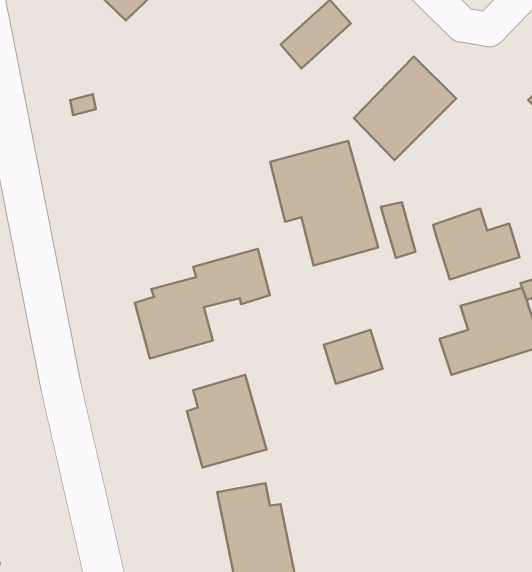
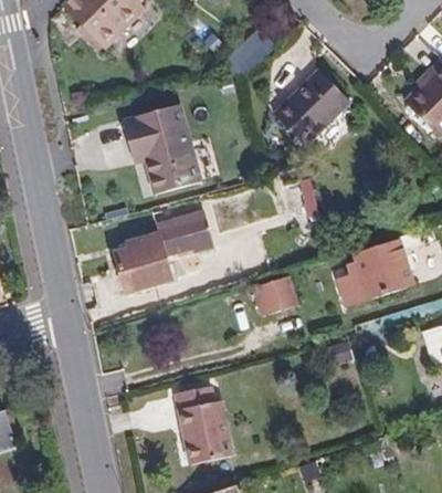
building: [270,141,378,265] -> [123,104,202,196]
building: [433,208,519,279] -> none
building: [187,375,266,468] -> none

